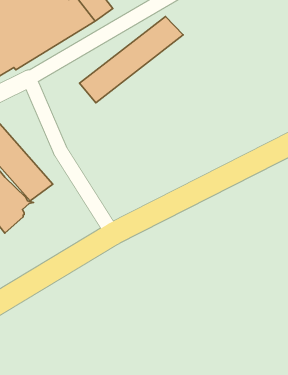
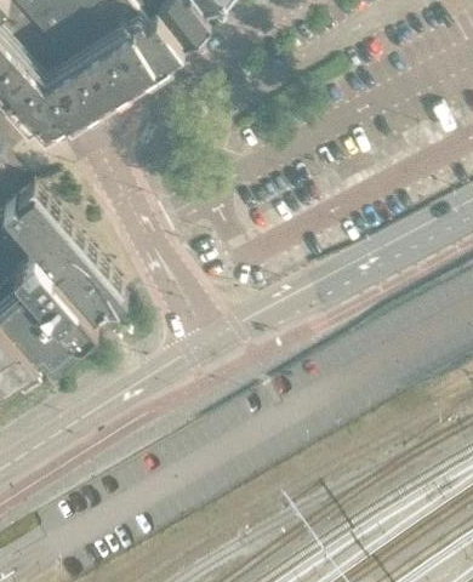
building: [80,17,183,103] -> none

